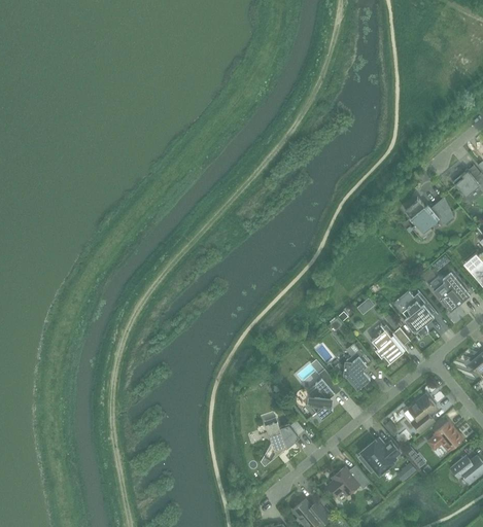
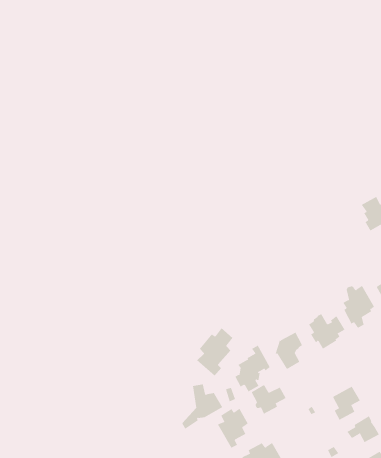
building: none -> [196,327,233,377]
building: none -> [217,408,249,448]
building: [361,442,399,472] -> [251,384,287,415]

